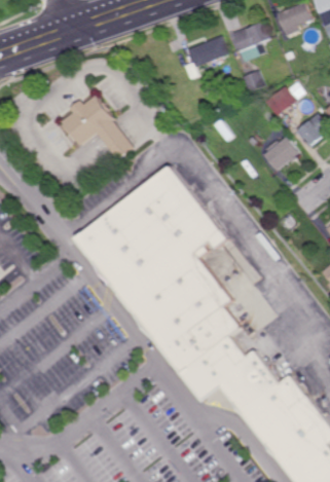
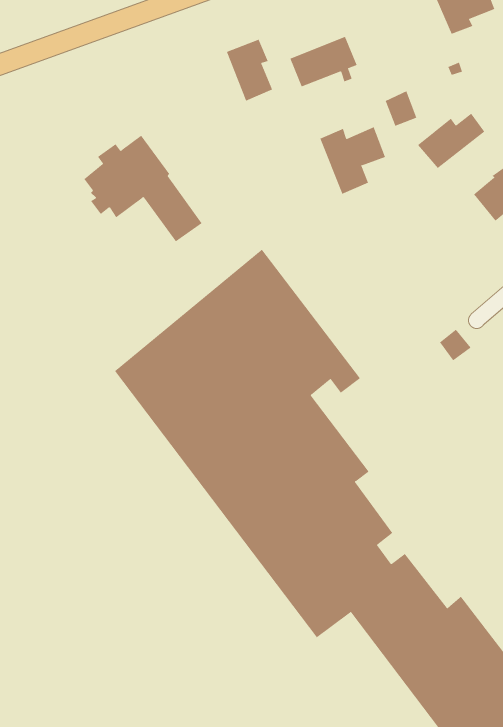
building: [229,22,269,63] -> [320,127,386,195]
building: none -> [226,39,273,102]
building: [264,138,299,172] -> none

